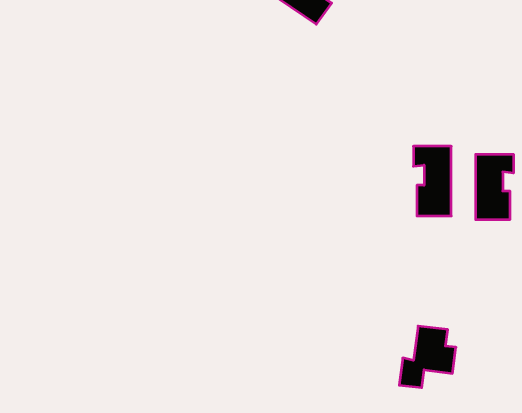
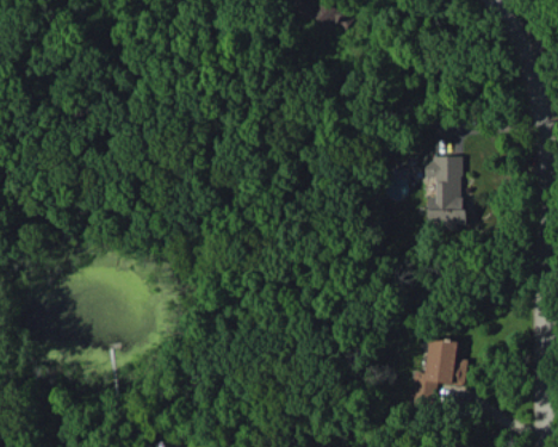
building: [476,154,513,220] -> none

